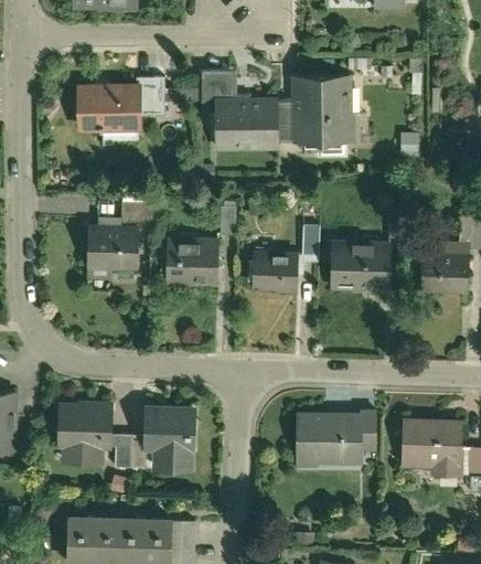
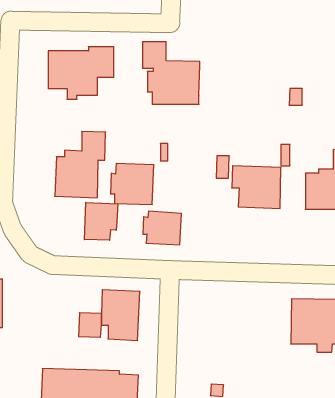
building: [278,73,364,155] -> none
building: [246,248,298,294] -> [143,211,181,245]
building: none -> [84,202,118,240]
building: [57,402,115,462] -> none
building: [297,406,378,470] -> none

